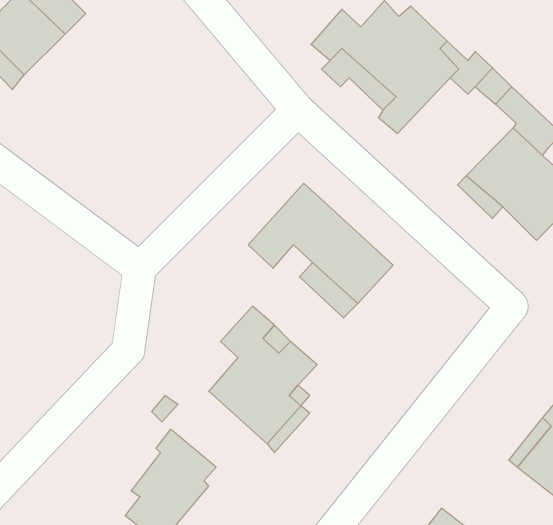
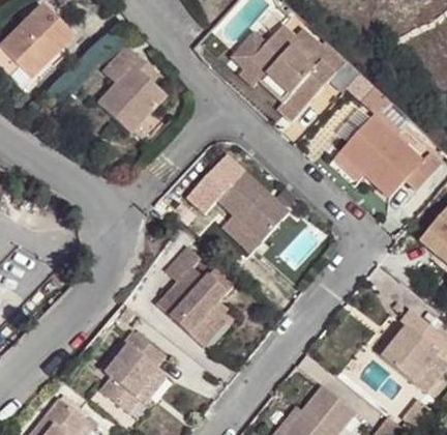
building: none -> [94,46,163,131]

